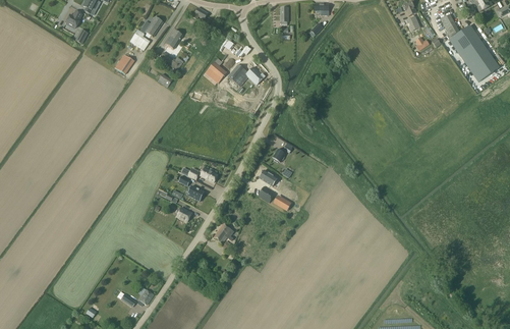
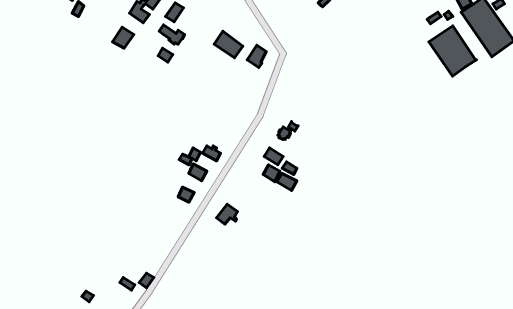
building: none -> [429,26,476,76]

